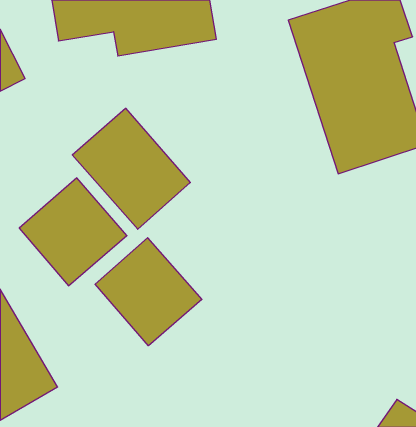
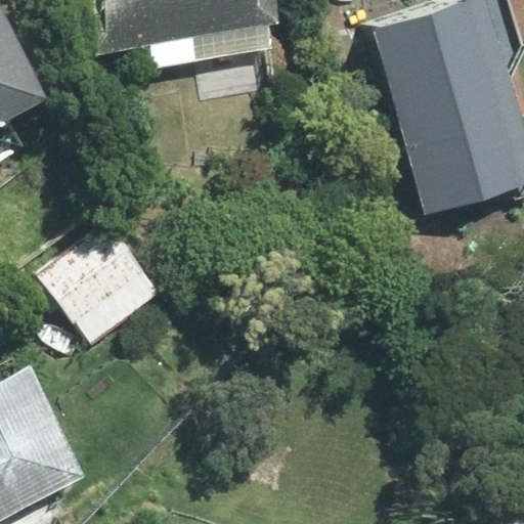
building: [72,108,190,229] -> none
building: [95,238,202,346] -> none

